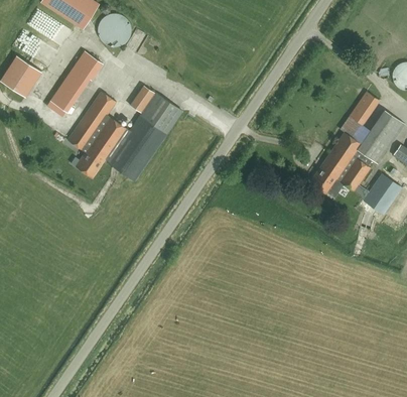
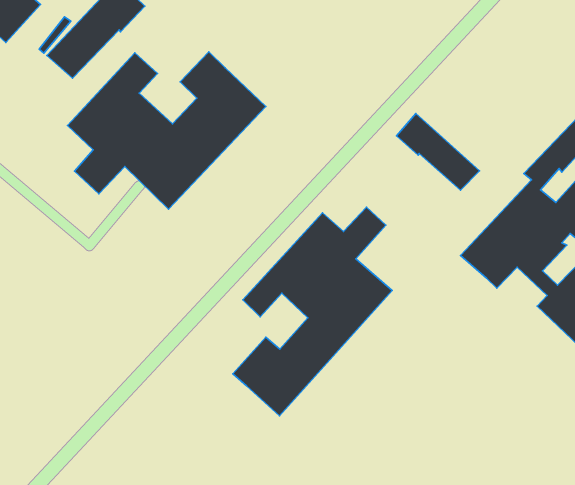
building: none -> [397,114,479,190]
building: none -> [233,207,392,416]

